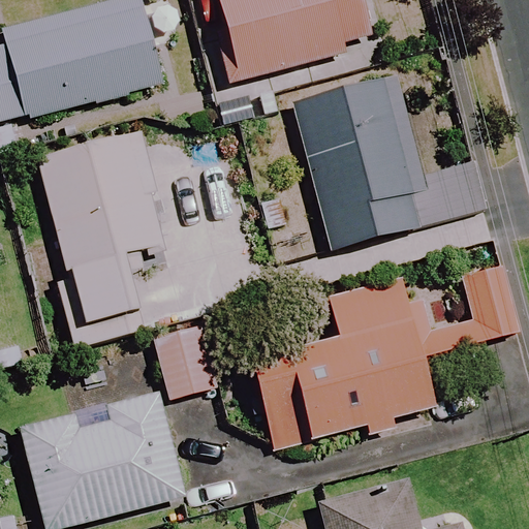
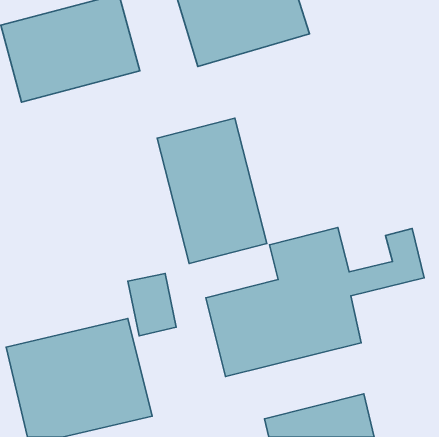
building: [293,80,425,253] -> [157,118,267,264]
building: [38,136,161,308] -> none

